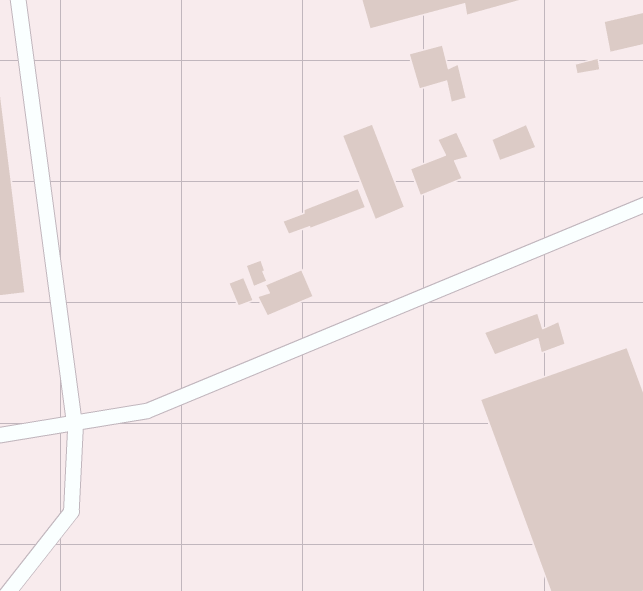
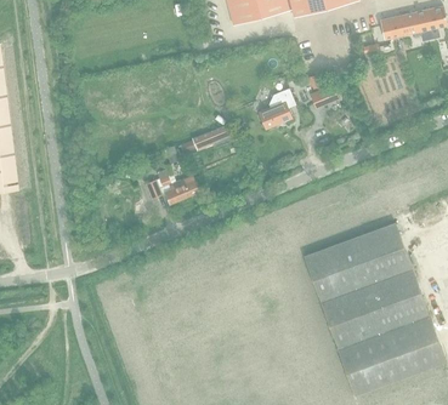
building: [409,45,466,103] -> none
building: [342,124,405,220] -> none
building: [484,313,566,355] -> none

